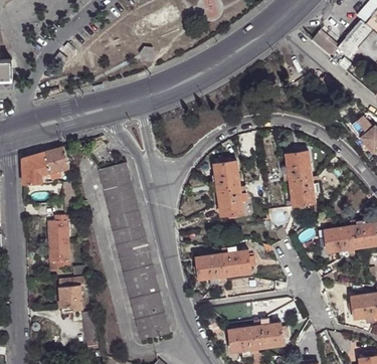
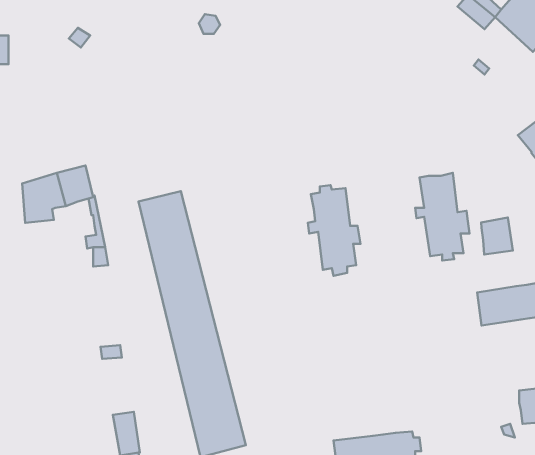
building: none -> [481,218,513,255]
building: [46,214,67,268] -> none
building: [193,250,254,279] -> none
building: [58,285,80,310] -> none

